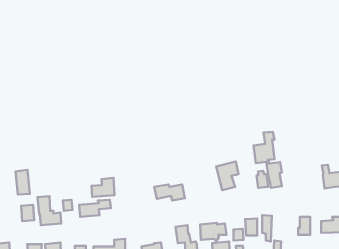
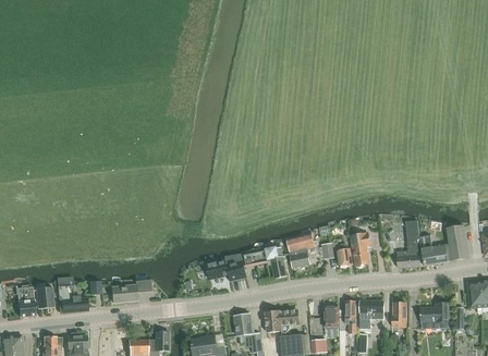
building: [253,132,275,163] -> [393,226,420,267]
building: [15,170,30,195] -> [16,285,35,317]
building: none -> [242,246,285,278]
building: [91,178,115,197] -> none
building: none -> [359,300,383,328]

